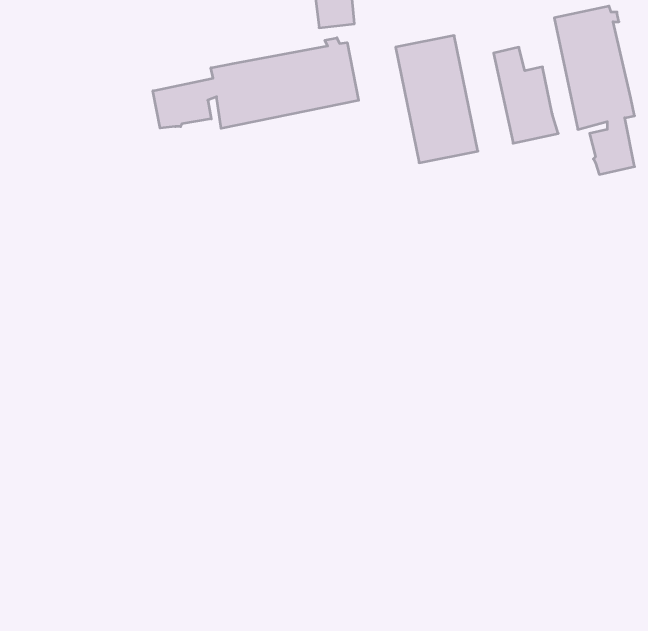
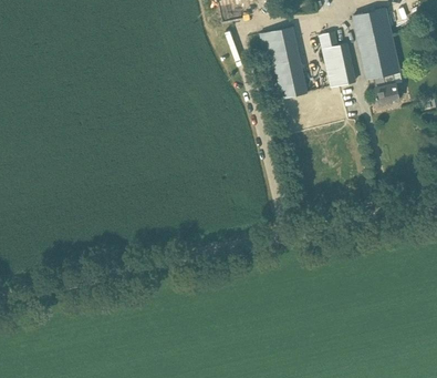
building: [153,38,359,128] -> none

